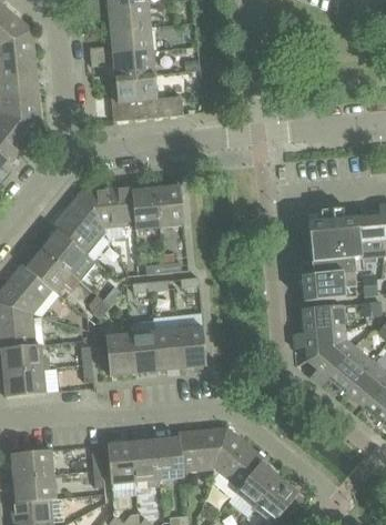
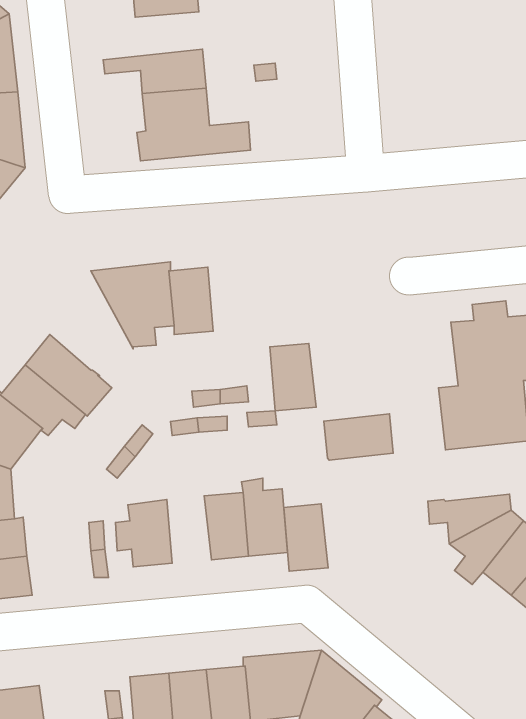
building: [90,28,152,58] -> none
building: [155,185,184,228] -> [270,343,316,411]
building: [51,190,109,255] -> none
building: [301,305,344,334] -> [324,414,393,460]
building: [130,331,158,373] -> [284,504,328,571]

